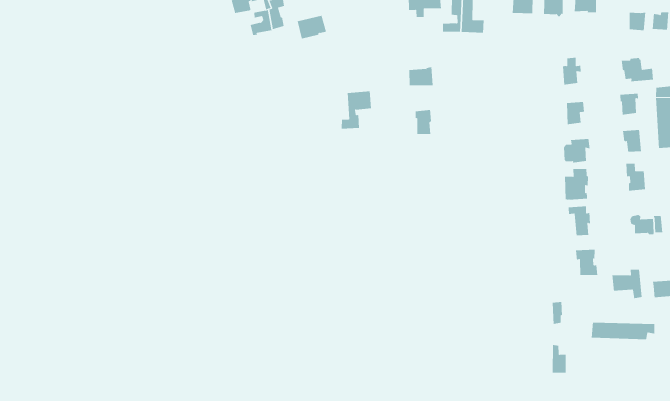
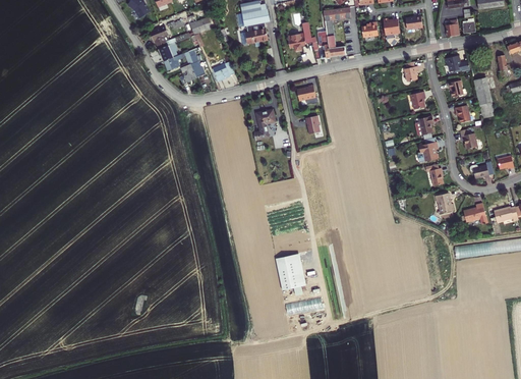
building: none -> [275,253,305,289]

